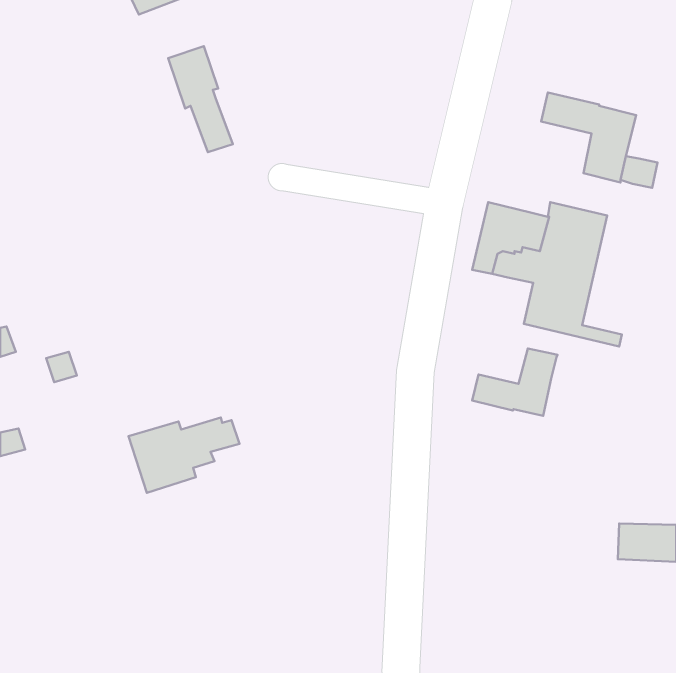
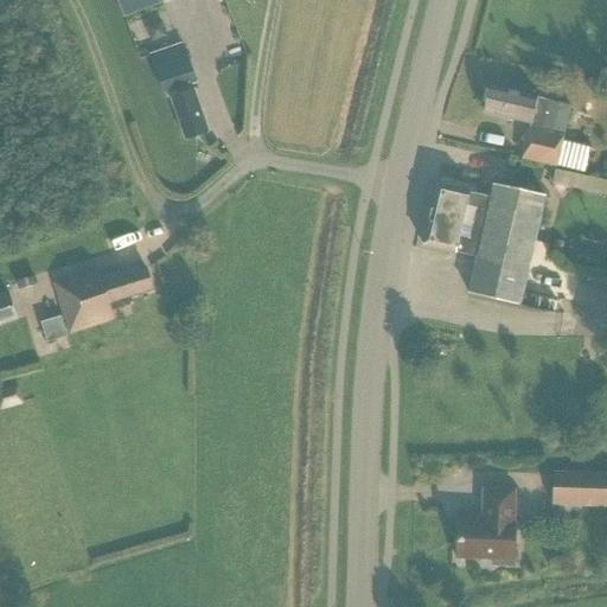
building: [472,348,557,416] -> none
building: [128,418,239,493] -> [53,263,153,331]
building: none -> [456,486,516,563]

